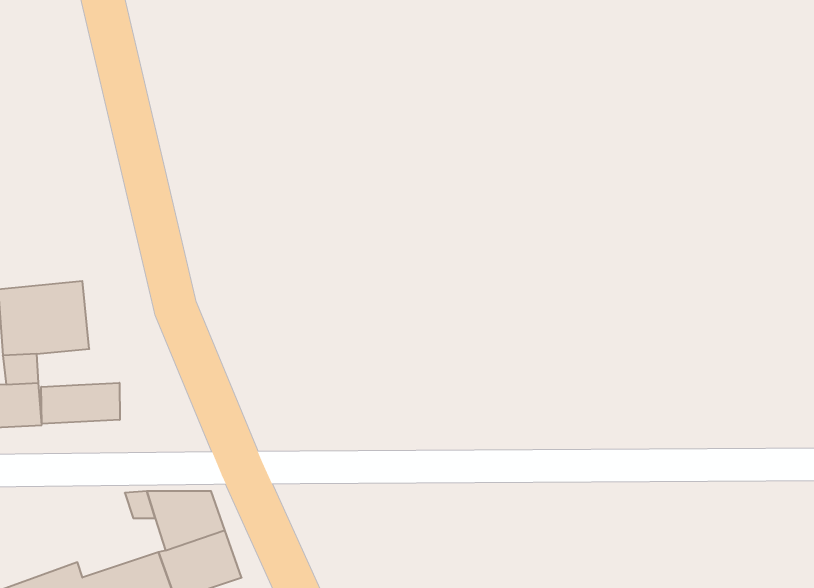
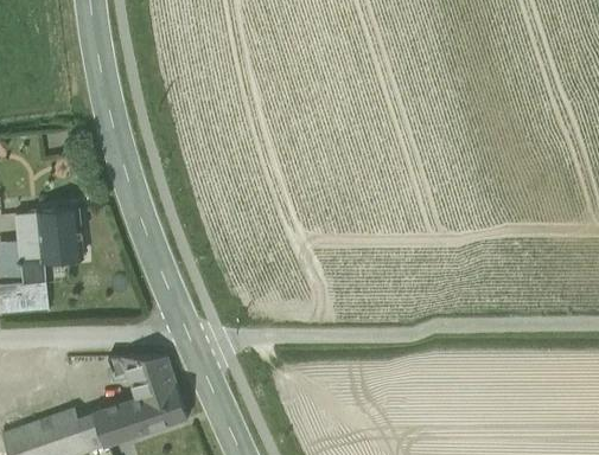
building: [41,383,120,424] -> none

